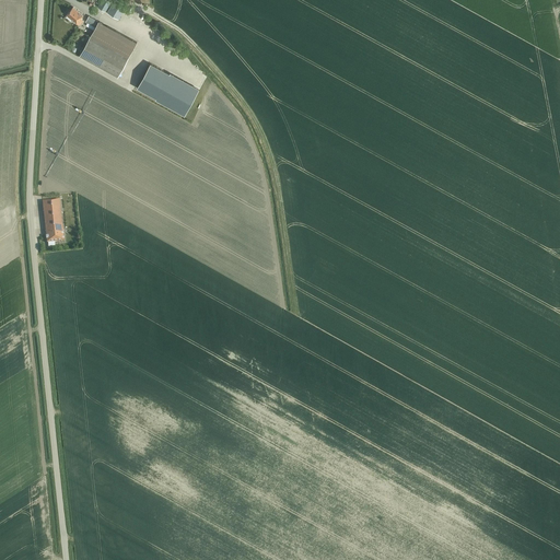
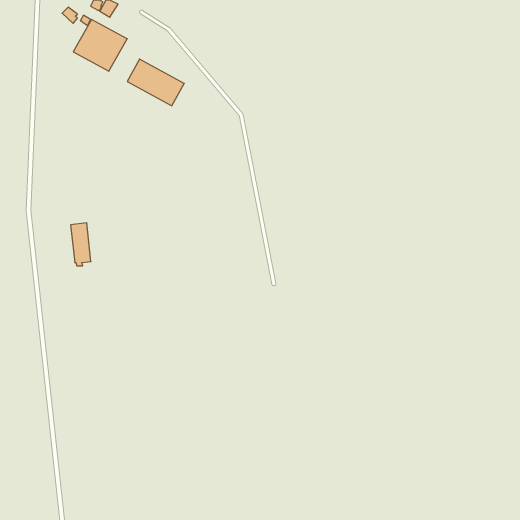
building: [43,200,65,246] -> [71,223,91,266]

